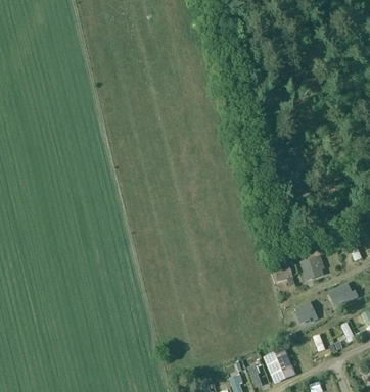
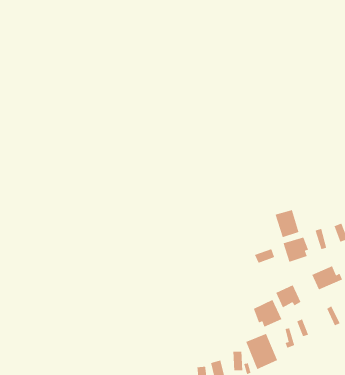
building: none -> [274,209,300,238]
building: none -> [253,299,283,328]

